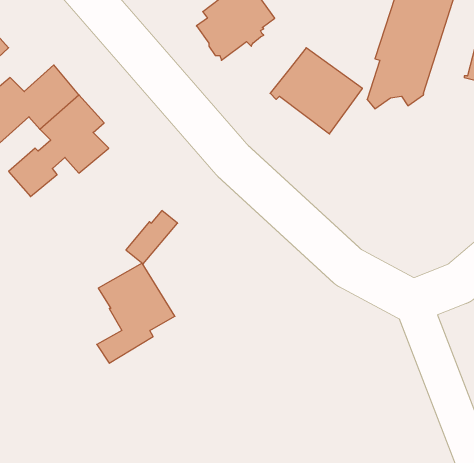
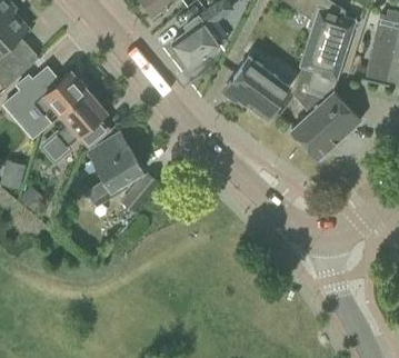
building: none -> [291,91,361,159]
building: [97,263,175,363] -> [88,133,143,205]

